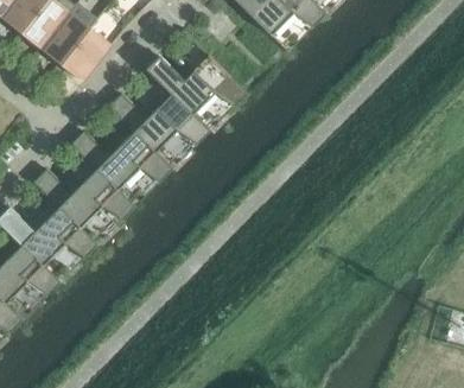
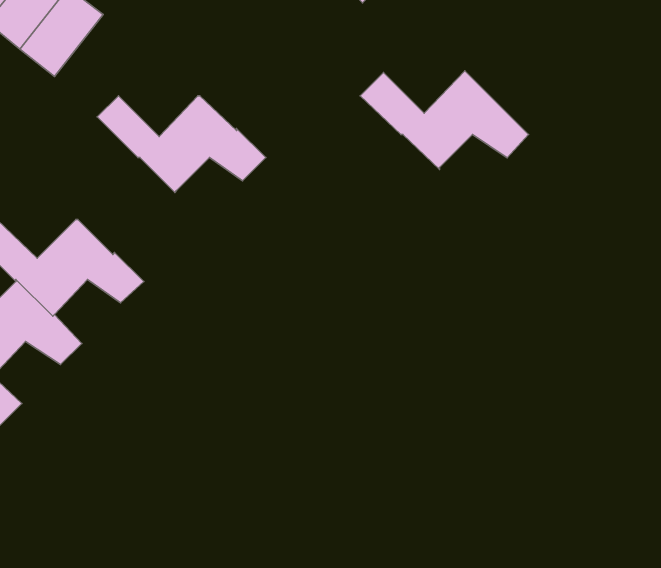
building: [145,53,248,114] -> [360,71,529,169]
building: [70,131,173,190] -> none

